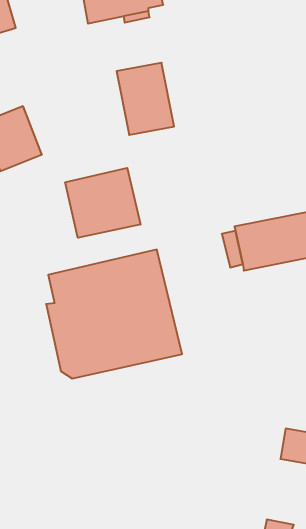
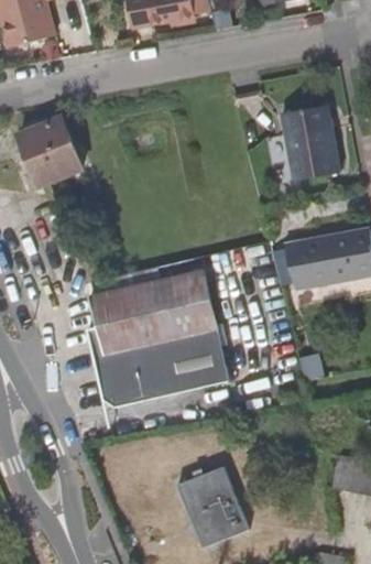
building: [117,63,174,135] -> [281,105,341,181]
building: [65,168,140,238] -> none
building: none -> [177,467,248,547]

